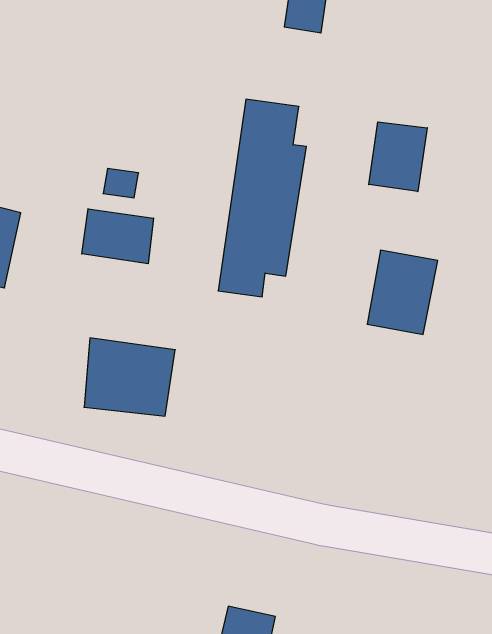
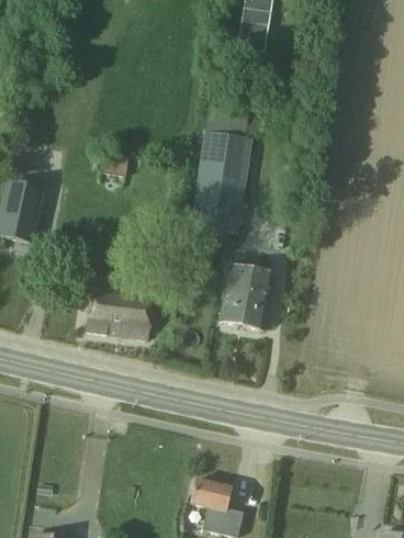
building: [369,122,427,192] -> none
building: [82,209,153,264] -> none
building: [367,250,438,334] -> [221,266,273,328]

